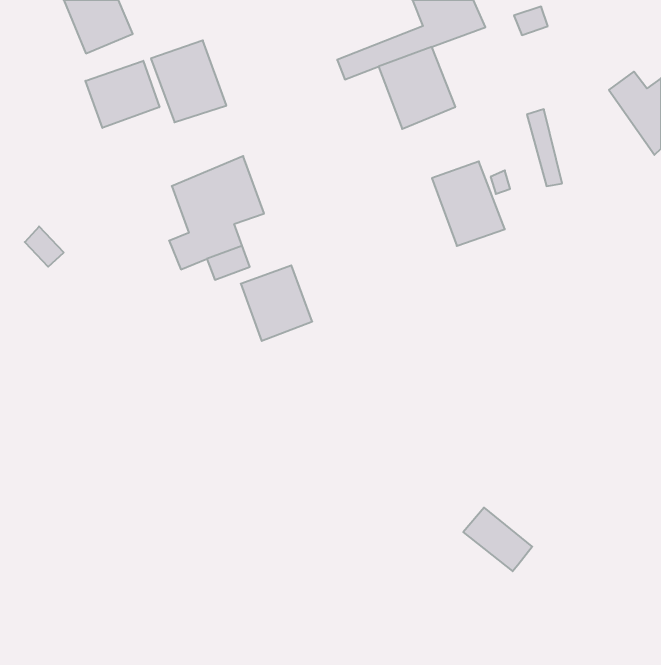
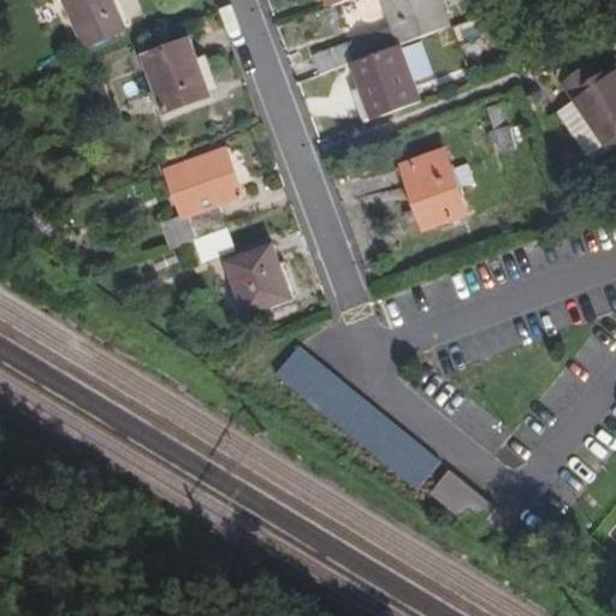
building: [85,61,159,128] -> none
building: none -> [273,344,437,487]

